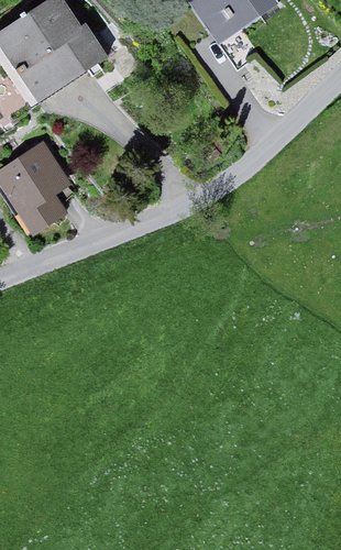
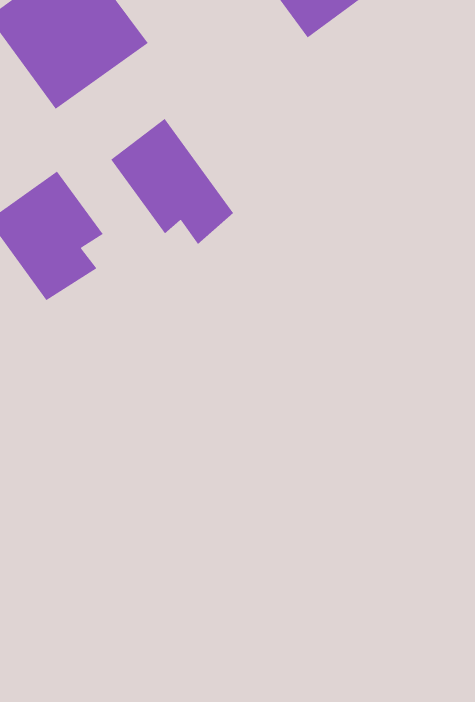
building: none -> [110,118,234,245]

